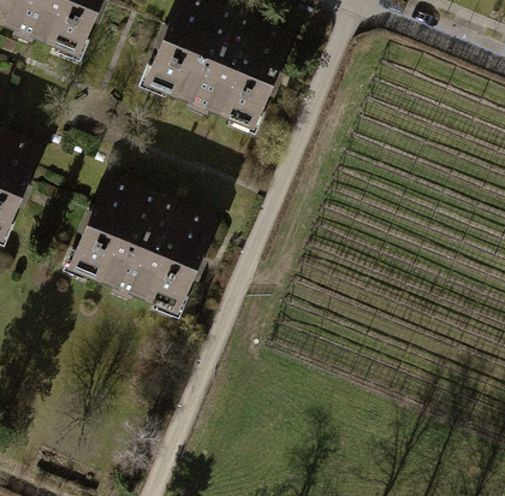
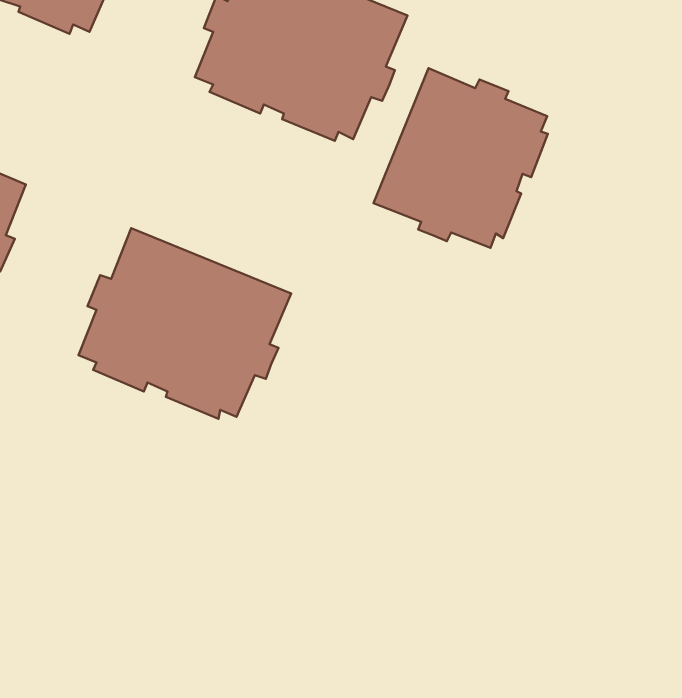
building: none -> [373,68,548,248]

